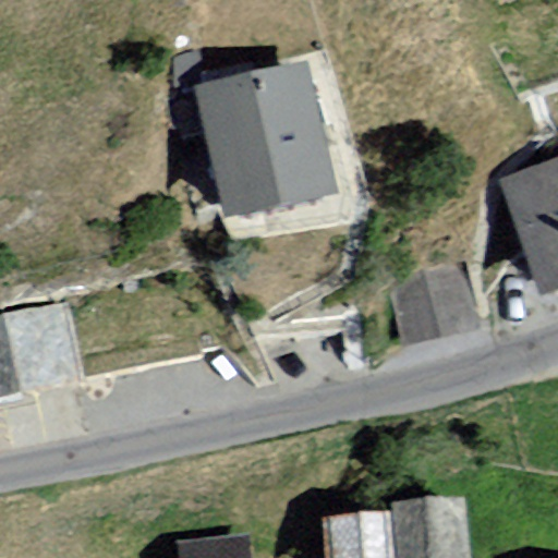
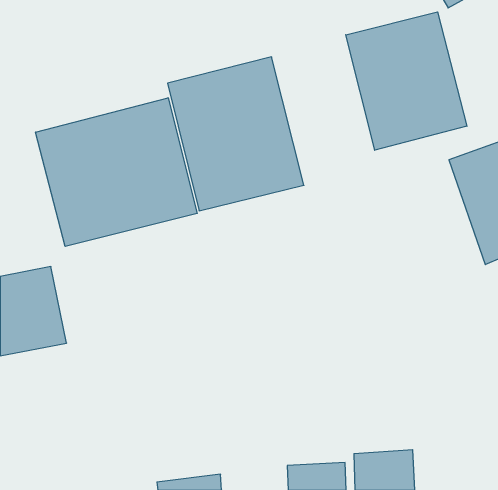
building: none -> [346,12,467,150]
building: none -> [36,98,197,246]

